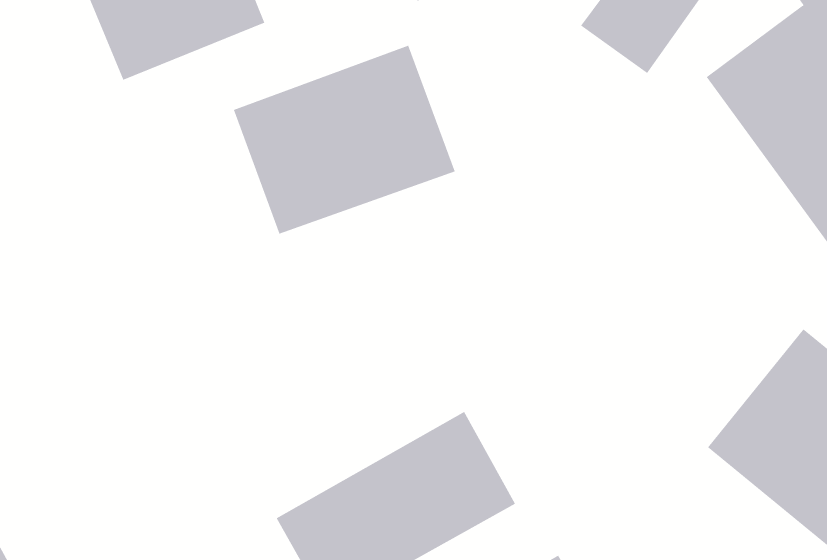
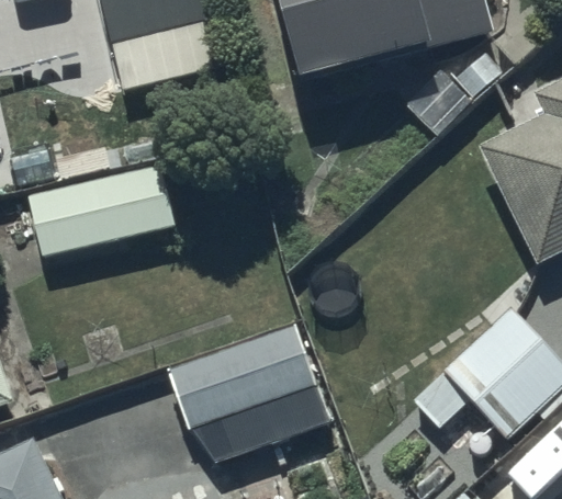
building: [233,45,456,235] -> none
building: none -> [34,149,178,256]

